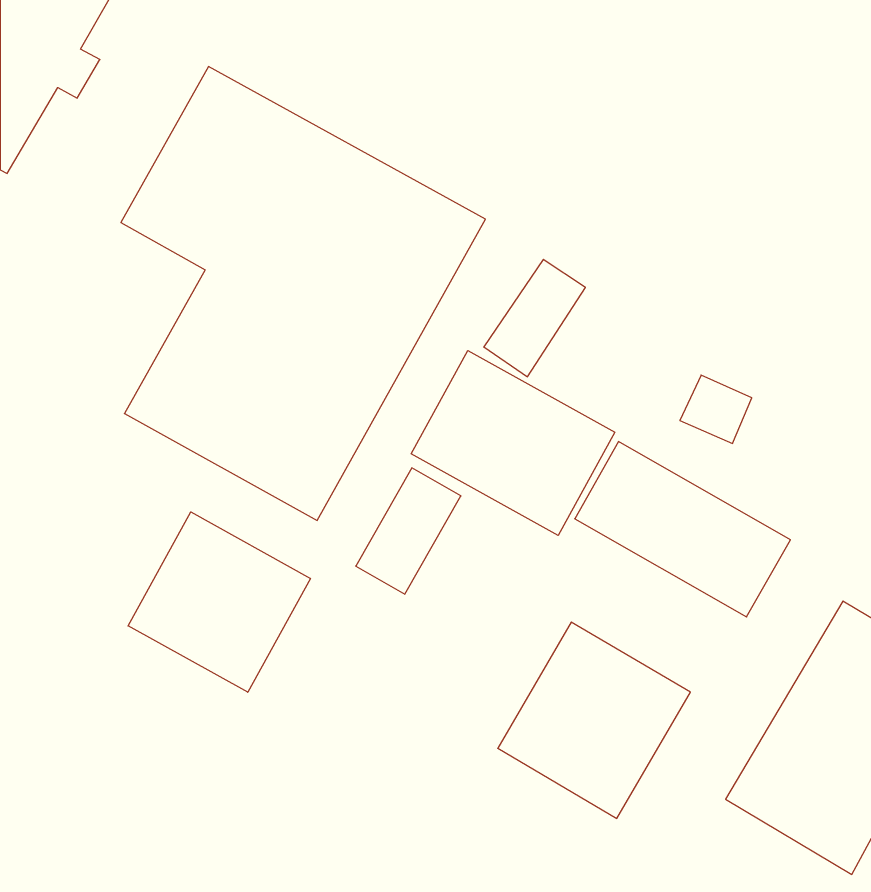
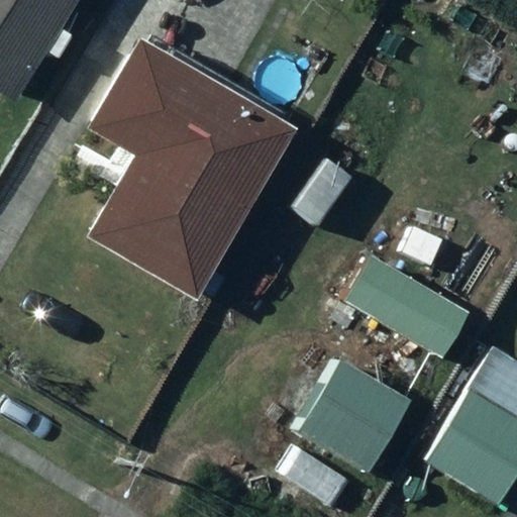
building: [411,351,615,535] -> none
building: [128,512,310,692] -> none

